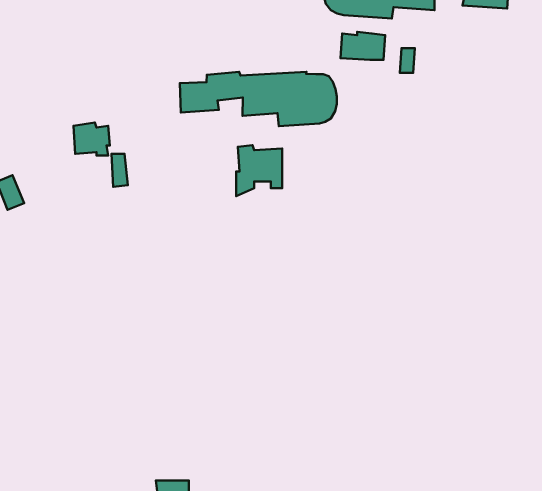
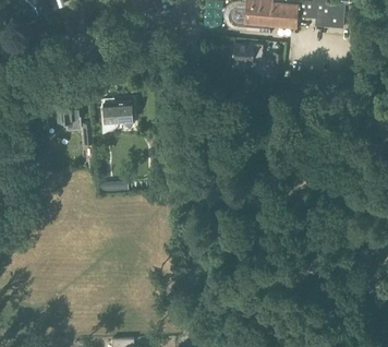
building: [180,72,337,126] -> none
building: [236,145,282,196] -> [101,97,132,131]

